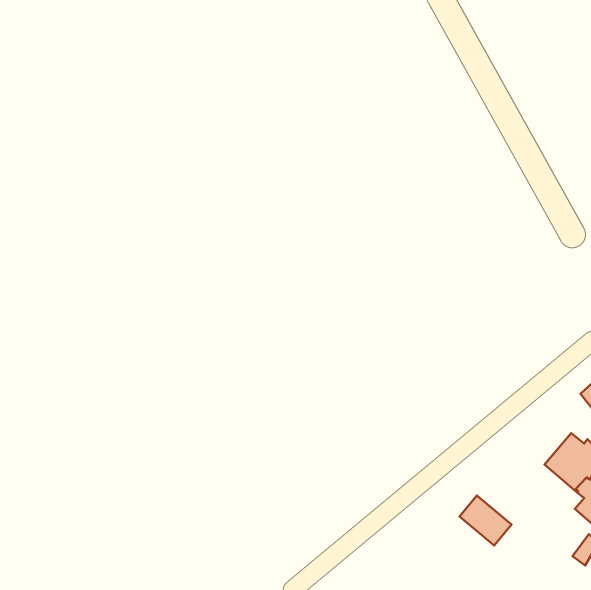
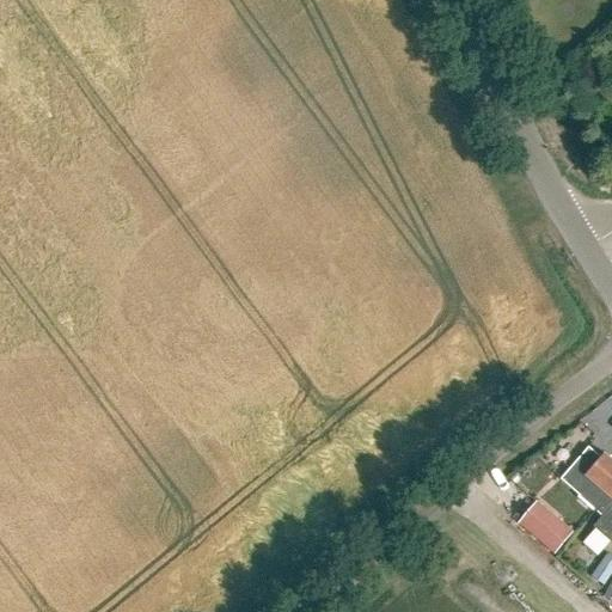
building: [459,496,512,545] -> [524,503,577,555]

